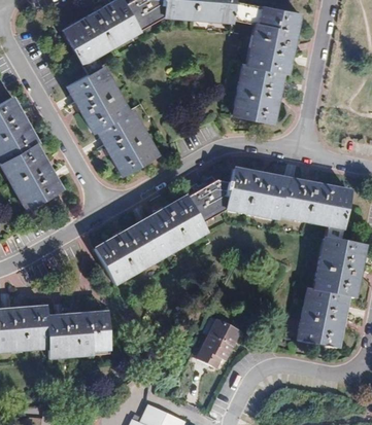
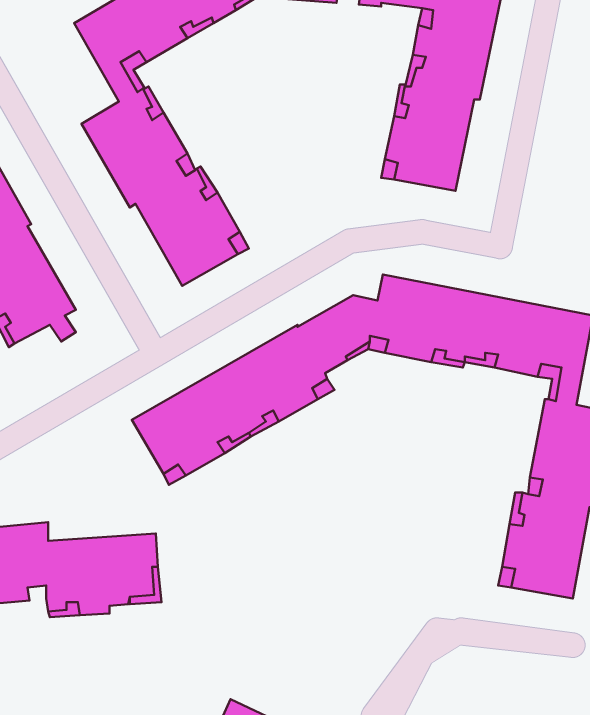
building: [198,317,241,367] -> none

